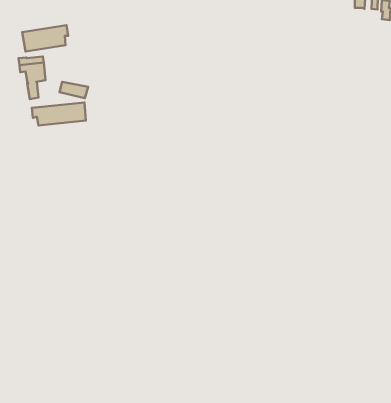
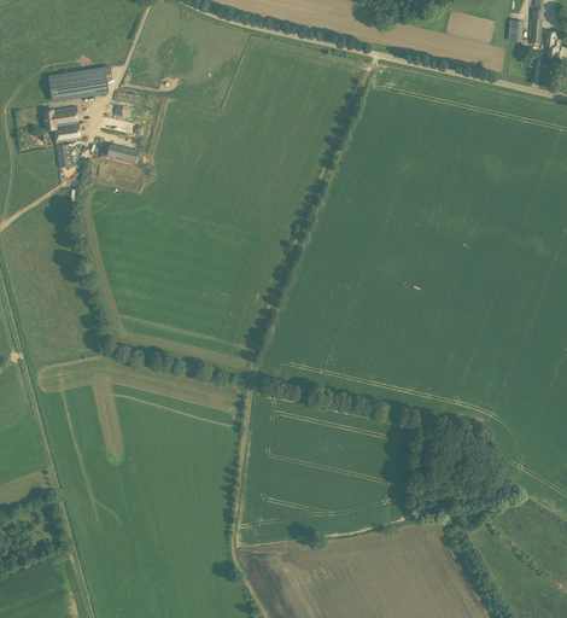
building: [32,102,86,126] -> none

